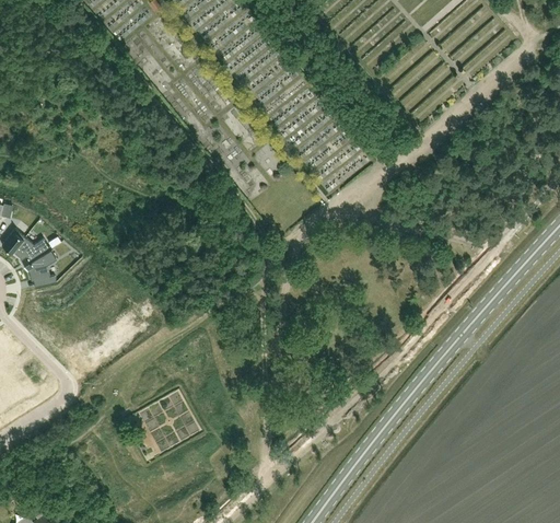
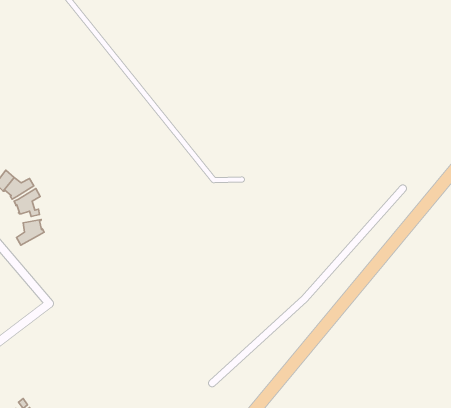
building: none -> [16,220,44,245]

